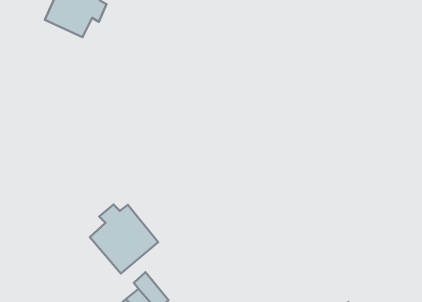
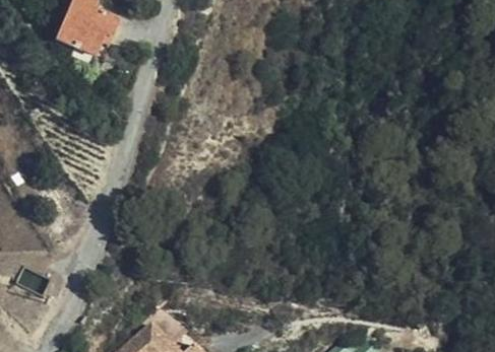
building: [90,205,158,273] -> none

